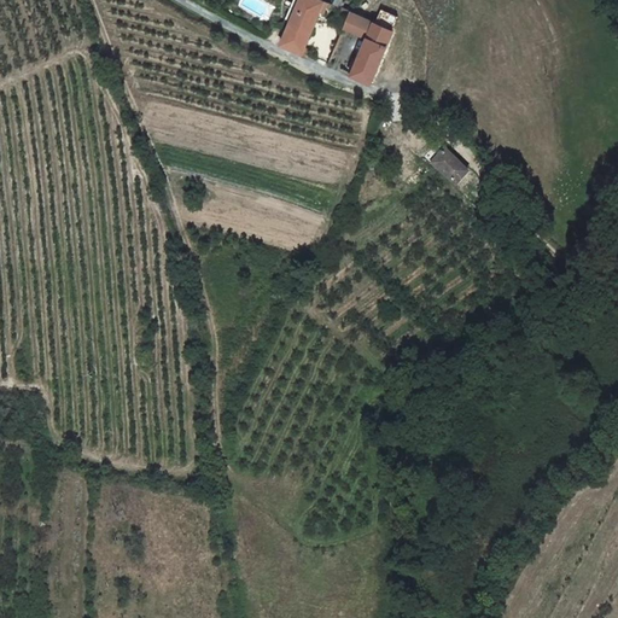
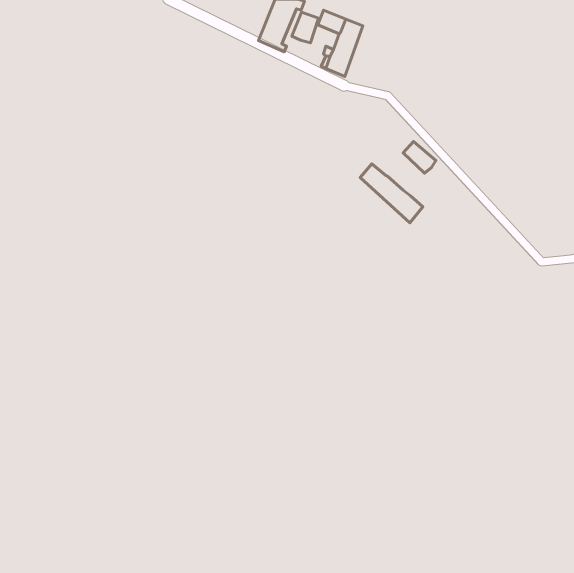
building: none -> [292,12,318,43]
building: none -> [360,164,423,223]

